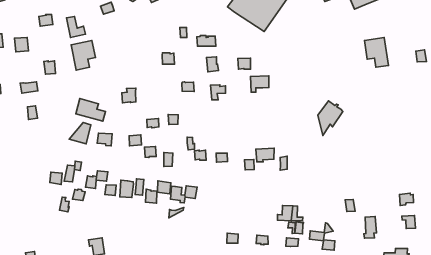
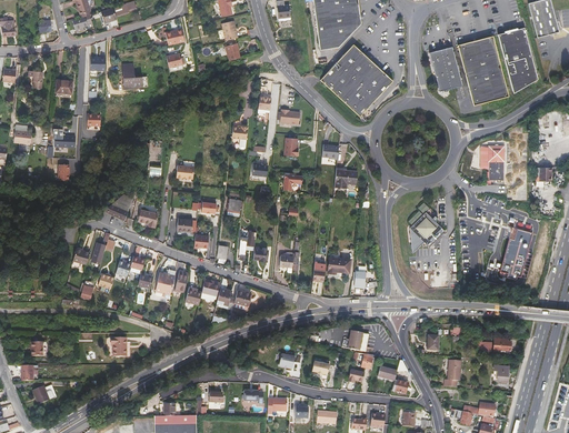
building: [71,41,96,70] -> none
building: [76,99,106,121] -> none
building: none -> [499,228,532,279]

